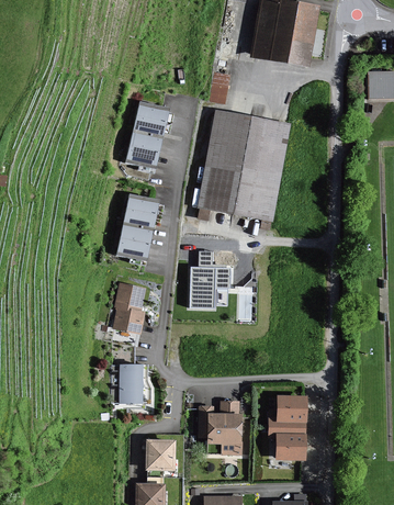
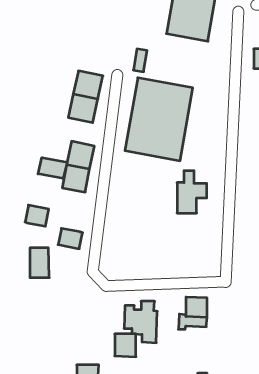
building: none -> [38,158,67,179]
building: [189,252,227,307] -> [177,171,207,213]
building: [114,283,145,311] -> [25,205,49,226]
building: [119,363,144,402] -> [30,248,49,278]
building: [277,433,304,459] -> none
building: [147,439,175,469] -> [115,334,136,357]

